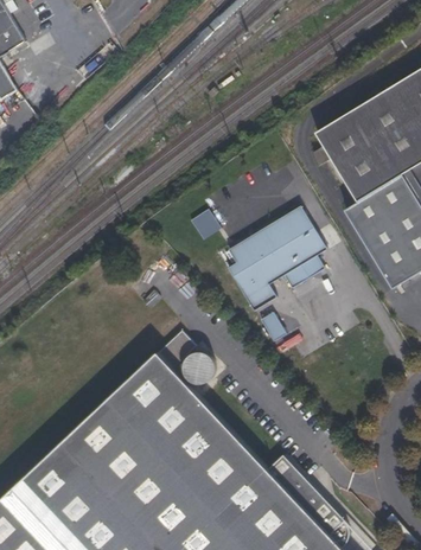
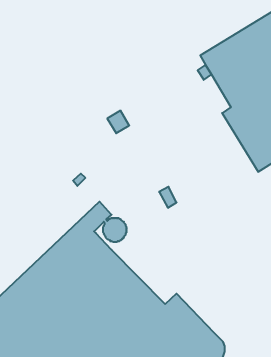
building: [228,206,327,311] -> none

